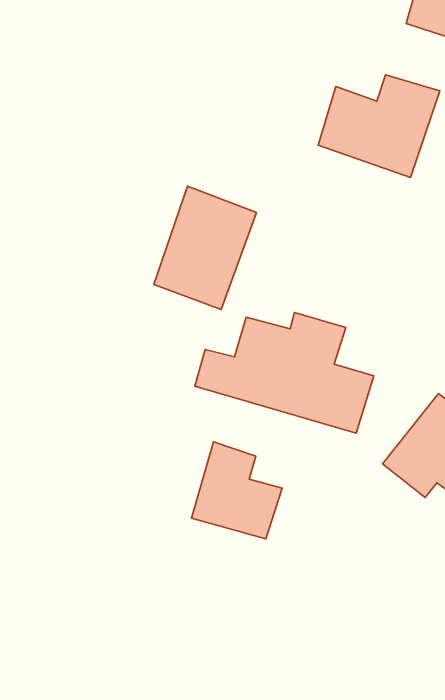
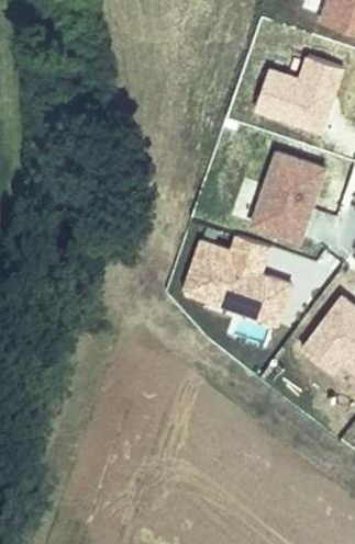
building: [154,186,256,310] -> [249,149,326,241]
building: [192,442,282,539] -> none

